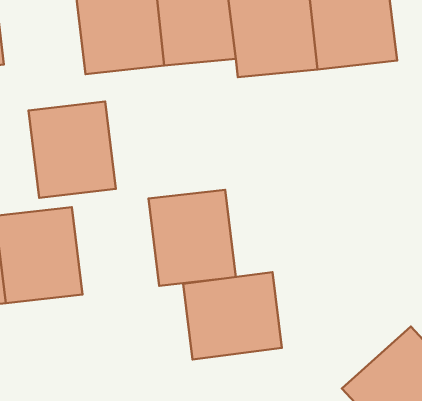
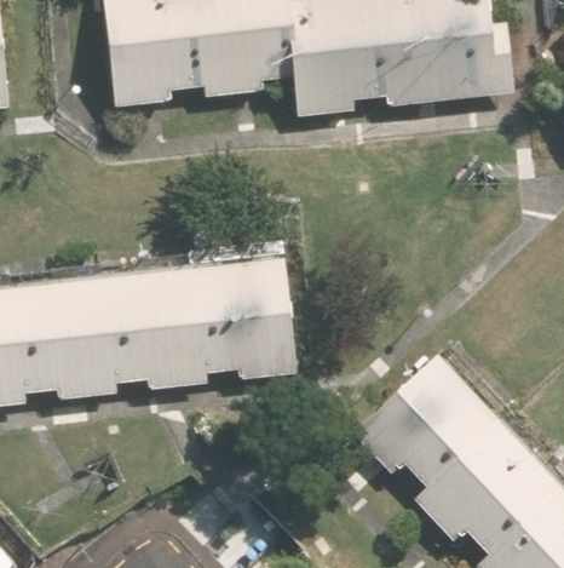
building: [29,102,116,198] -> [91,264,200,384]
building: none -> [362,352,513,501]
building: [183,272,282,359] -> none

